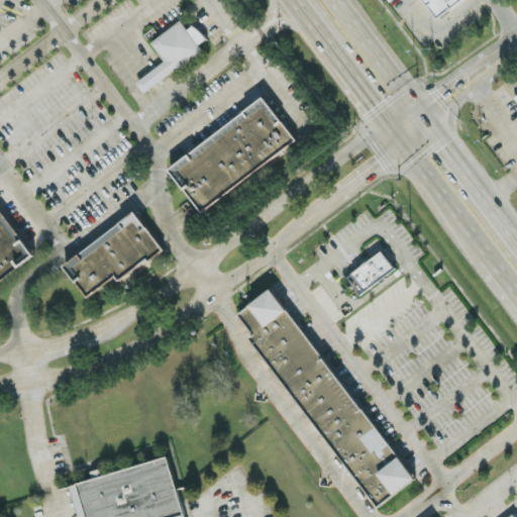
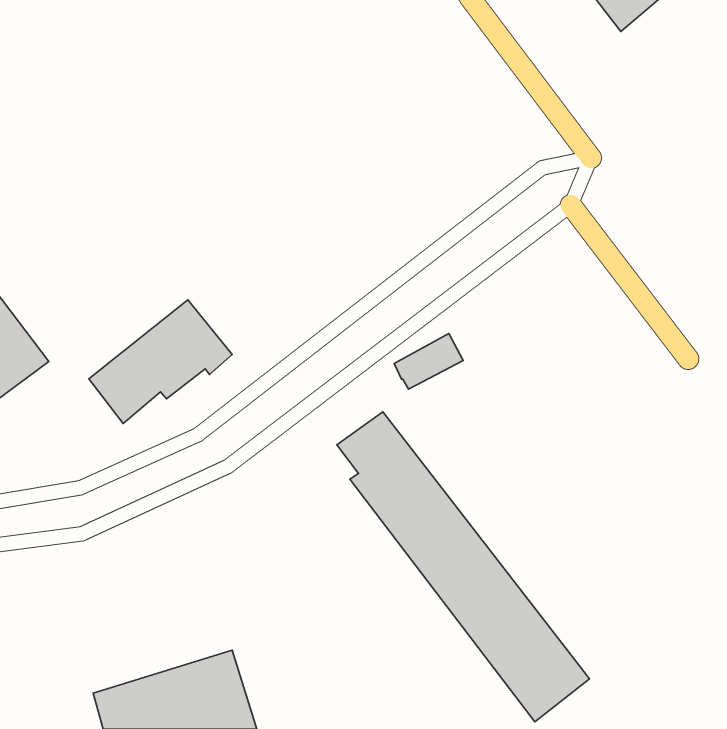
building: [133,19,204,93] -> none
building: [167,96,295,213] -> none
building: [344,251,393,291] -> [394,333,463,389]

